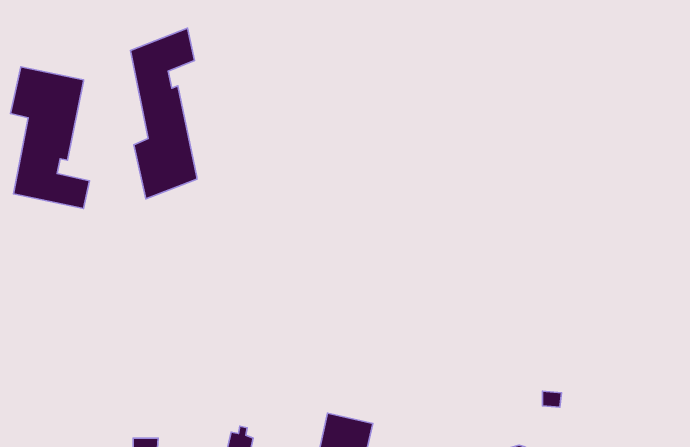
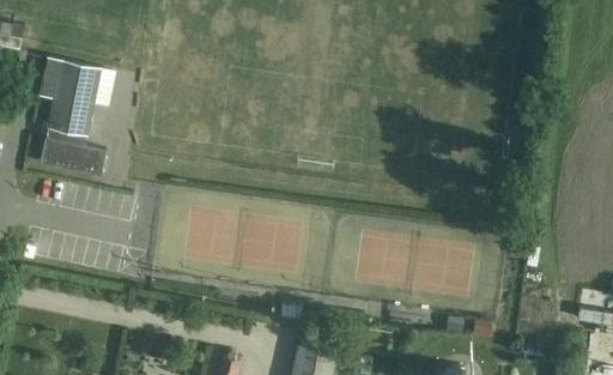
building: [130,28,197,199] -> none

